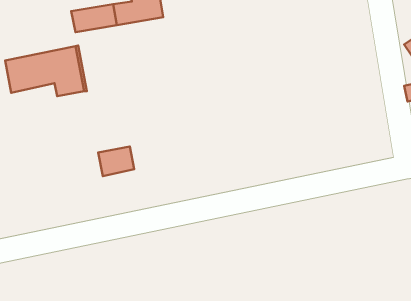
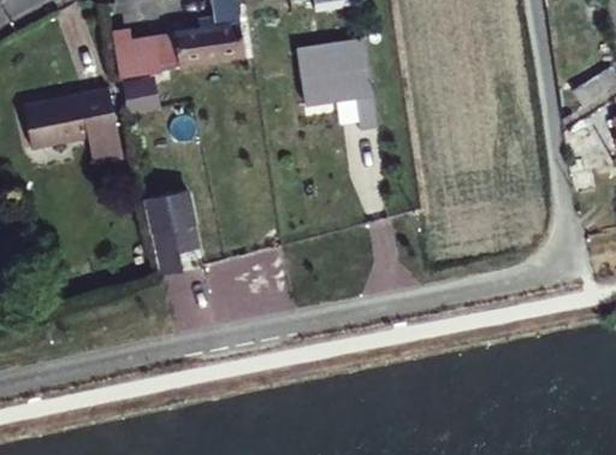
building: none -> [300,52,377,124]
building: none -> [146,194,195,236]

